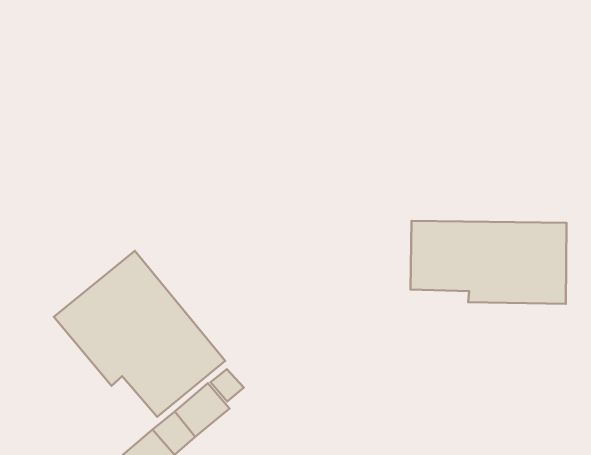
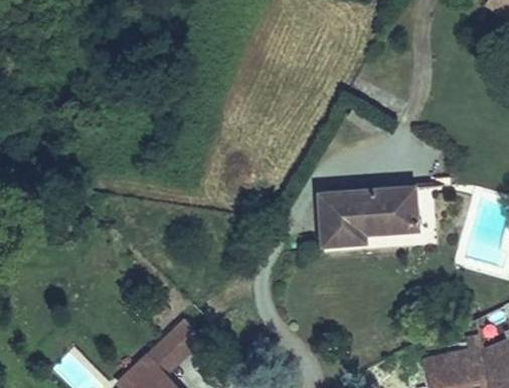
building: [54,251,225,417] -> none

